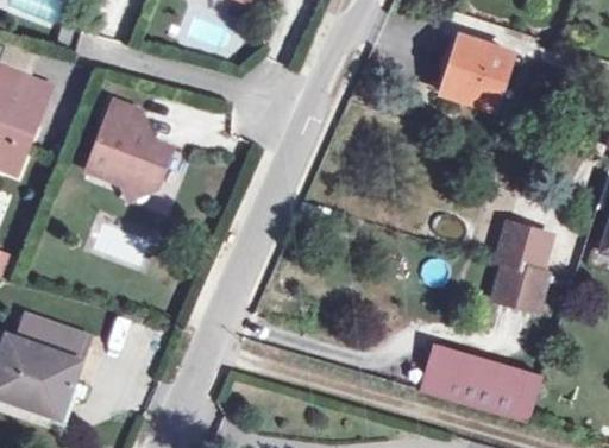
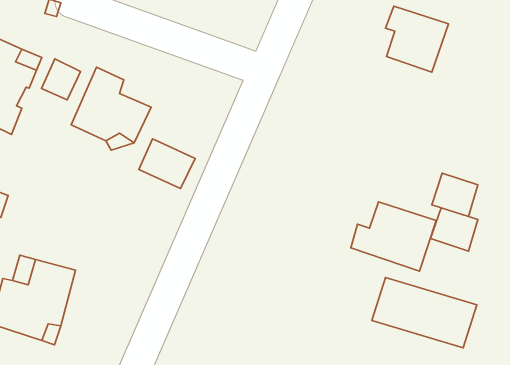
building: none -> [41,59,81,100]
building: none -> [139,139,195,189]
building: none -> [351,202,436,271]

